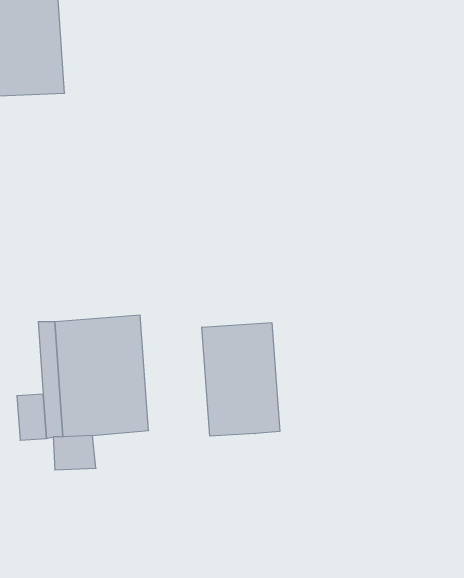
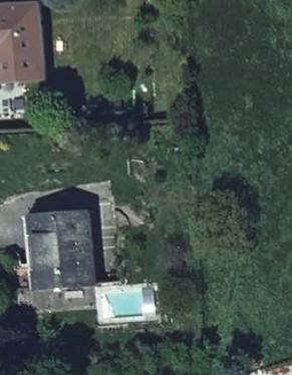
building: [202,323,280,436] -> none

